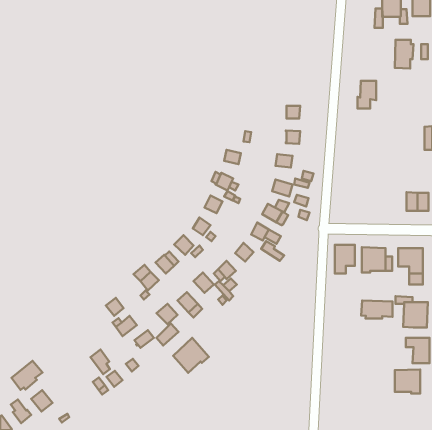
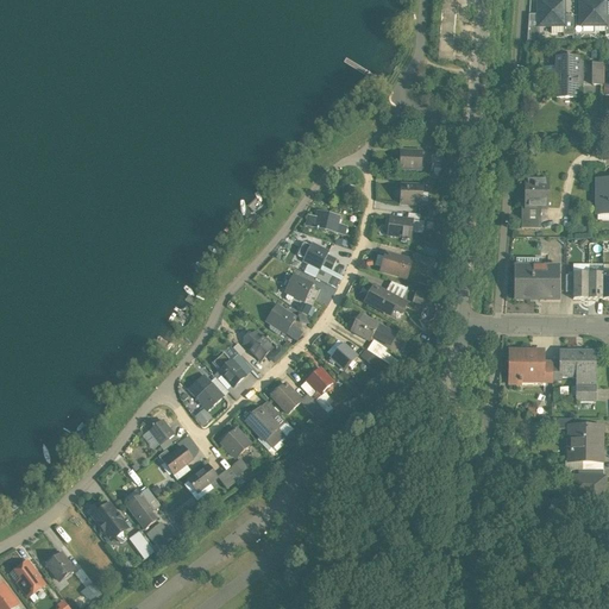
building: [358,81,376,109] -> [521,178,547,218]
building: none -> [515,264,558,296]
building: [335,245,355,274] -> none
building: [361,300,392,319] -> none
building: [173,338,209,373] -> none
building: none -> [94,503,126,538]
building: [11,361,42,390] -> none
building: [395,369,420,393] -> none

